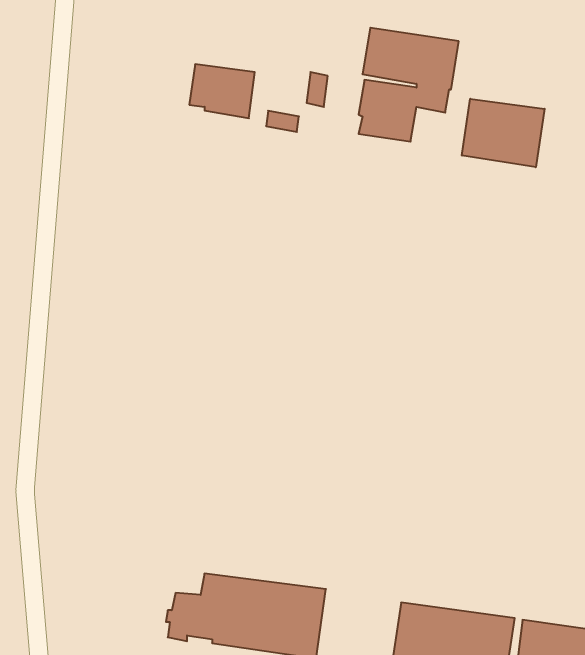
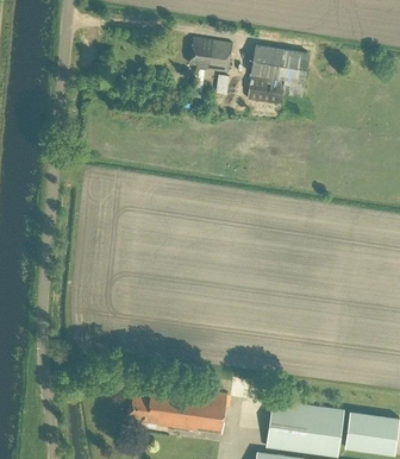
building: [189,64,255,118] -> [190,38,231,71]
building: [462,99,545,167] -> none

